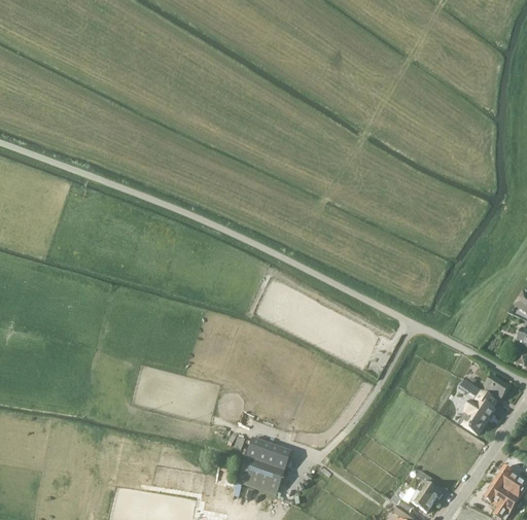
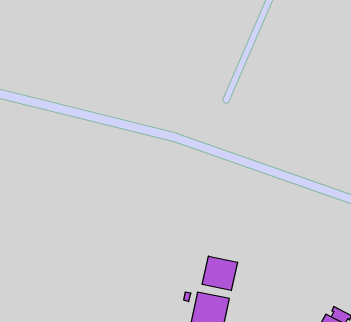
building: none -> [202,256,238,291]

